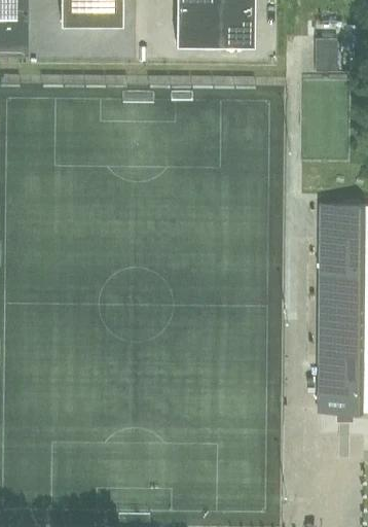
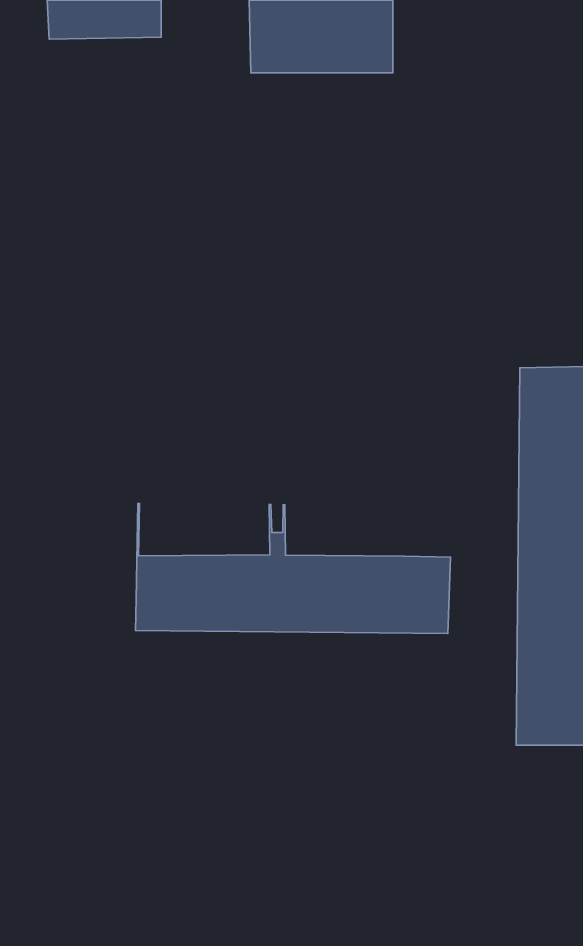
building: [317,36,338,70] -> none
building: none -> [136,503,451,633]

